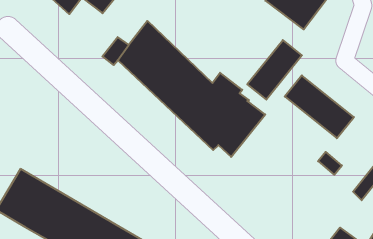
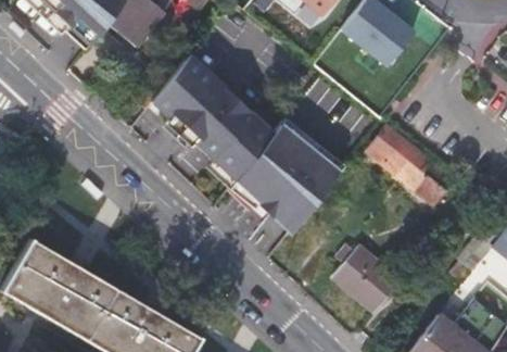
building: [247,40,302,100] -> none
building: none -> [334,247,402,313]

